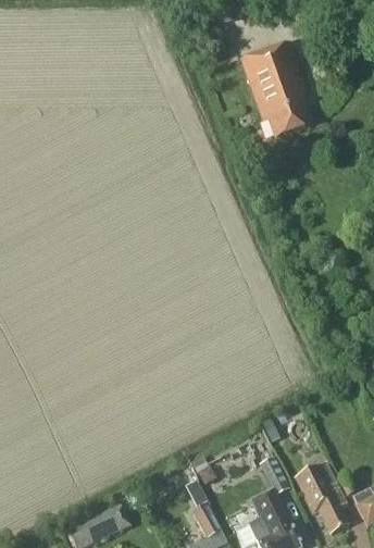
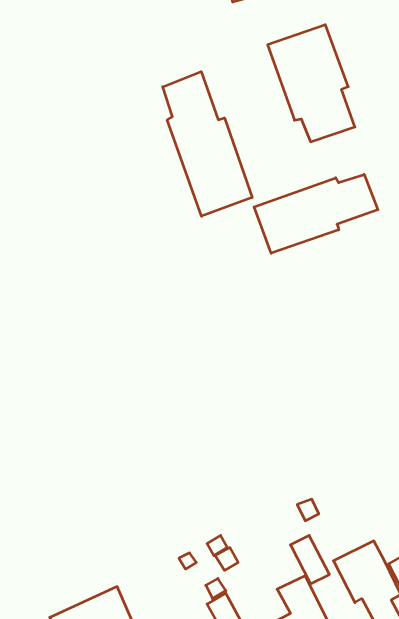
building: none -> [163,72,252,216]
building: none -> [254,174,378,253]

